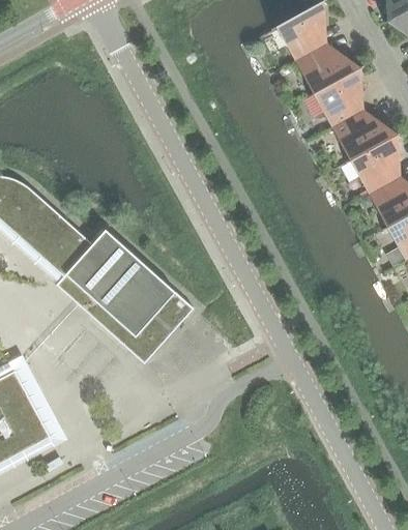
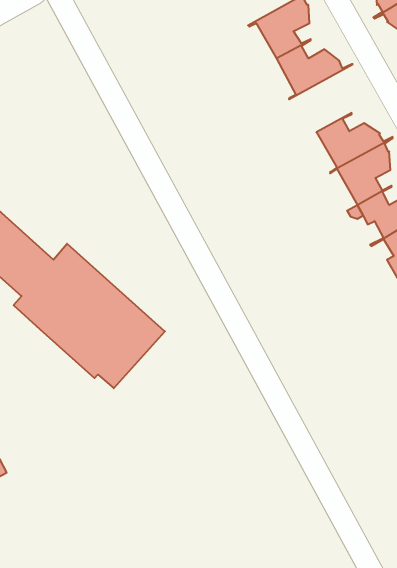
building: [307,64,365,126] -> none

